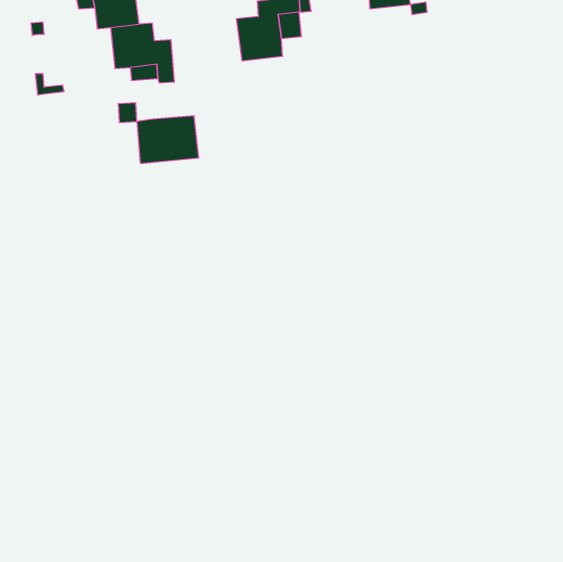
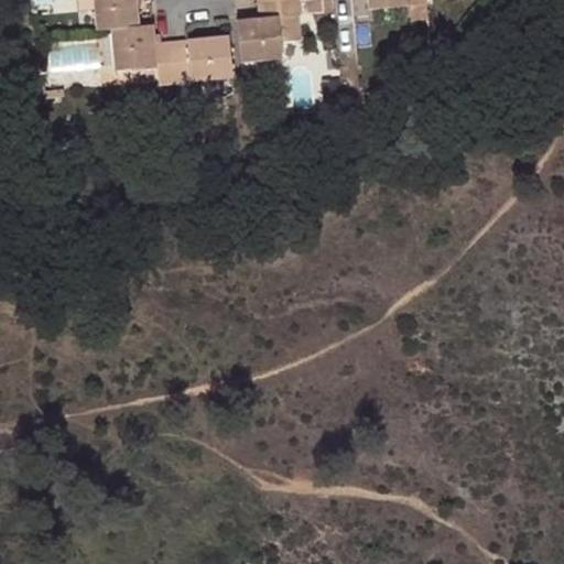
building: [137,116,199,163] -> [172,34,234,82]

